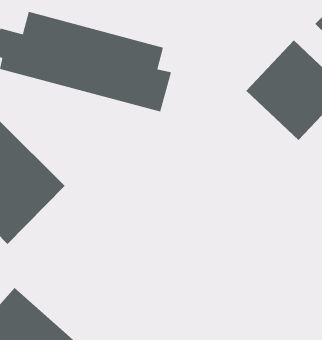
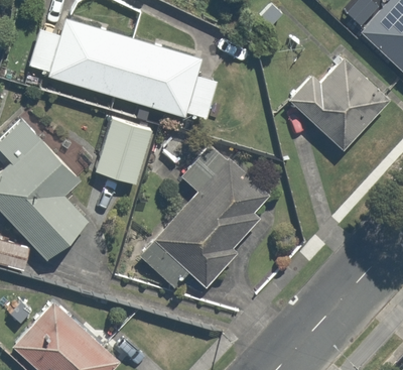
building: none -> [96,118,152,184]
building: none -> [137,146,264,289]

